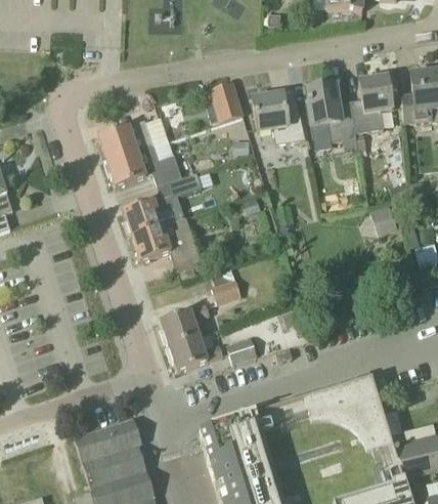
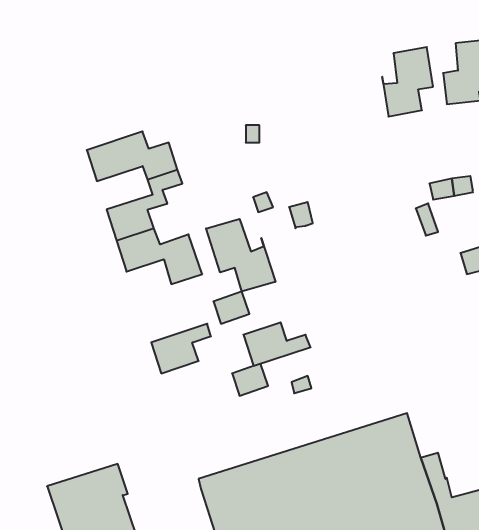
building: [209,82,243,123] -> none
building: [308,85,357,141] -> none
building: [253,91,306,144] -> none
building: [98,120,154,161] -> none
building: none -> [206,219,275,291]
building: [169,335,224,371] -> [243,322,311,366]

